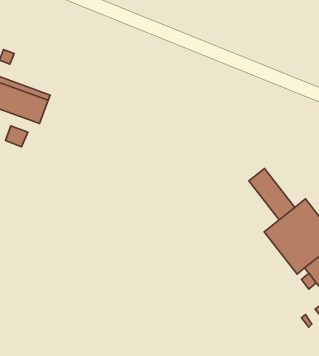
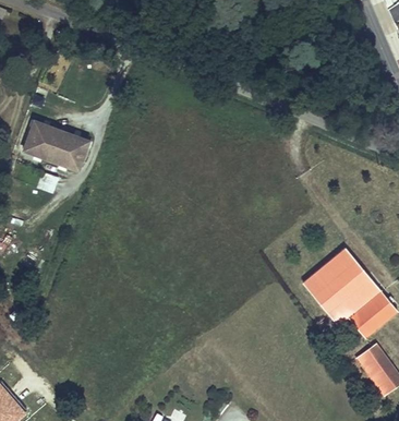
building: [249,168,295,220] -> none

